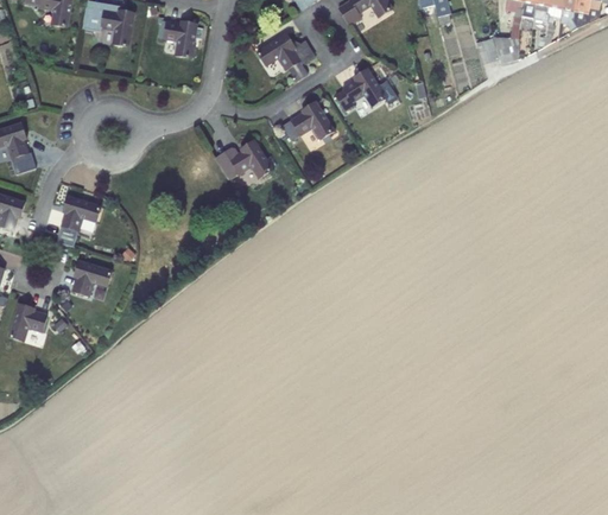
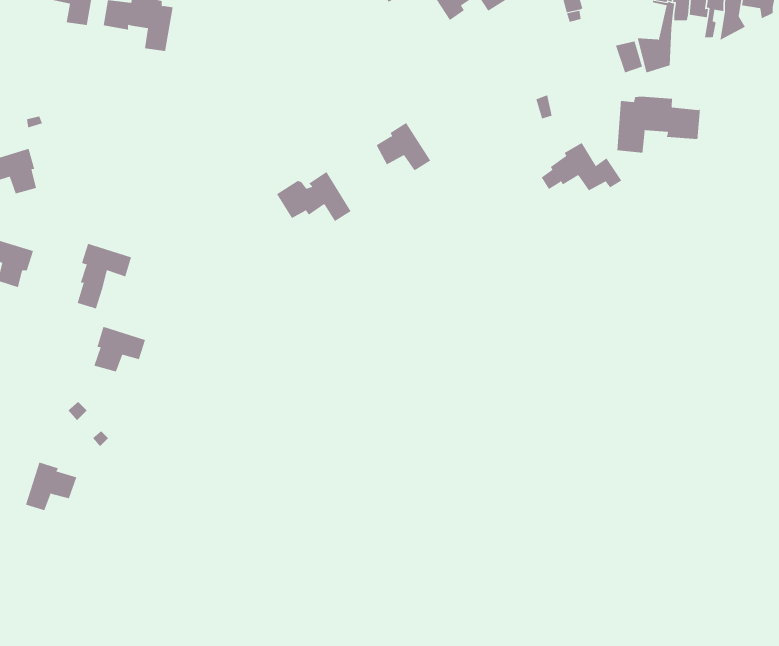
building: [163,21,203,58] -> none
building: [256,33,315,71] -> none
building: [335,69,398,107] -> [541,142,622,191]
building: none -> [617,96,700,153]
building: [10,303,50,341] -> [25,462,77,511]

